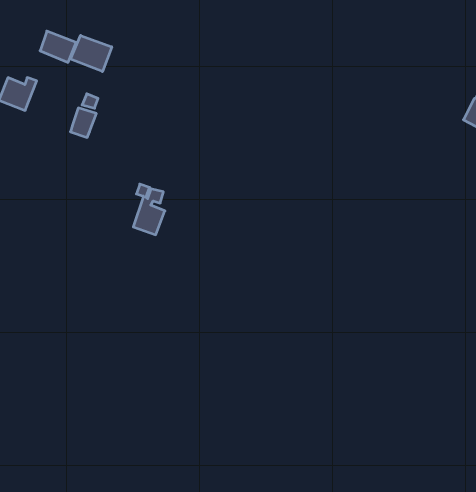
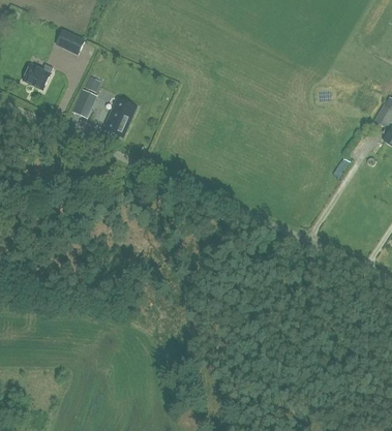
building: [70,35,112,72] -> none
building: [133,184,165,235] -> [105,95,130,134]

